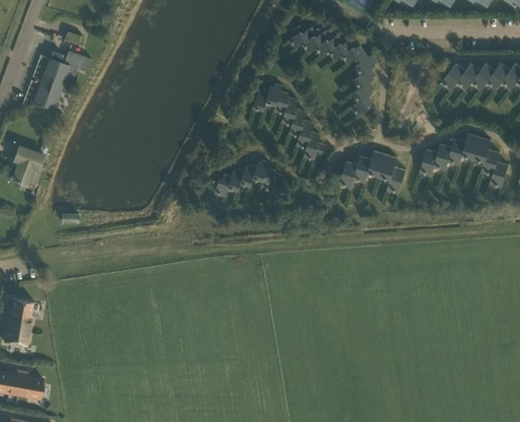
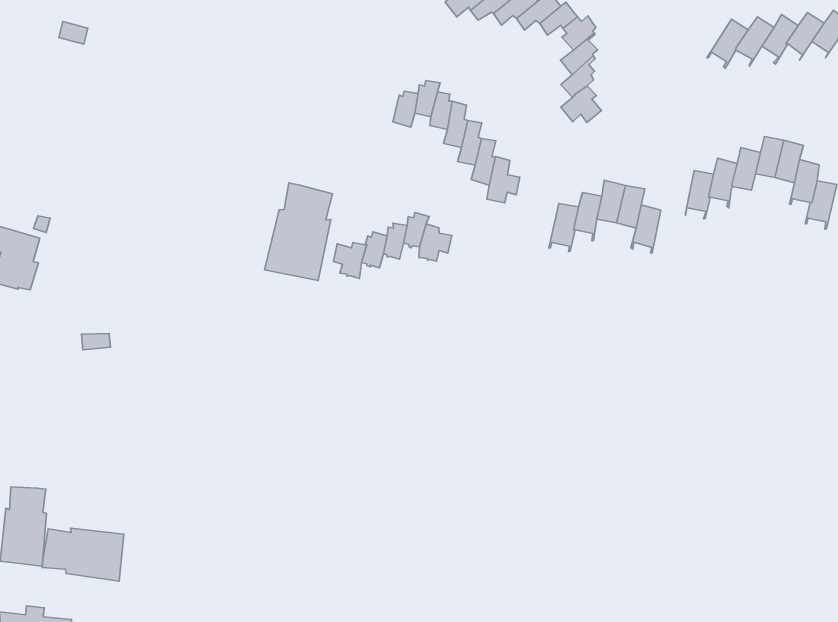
building: [34,50,91,110] -> none
building: none -> [264,183,332,280]
building: none -> [42,528,124,581]

